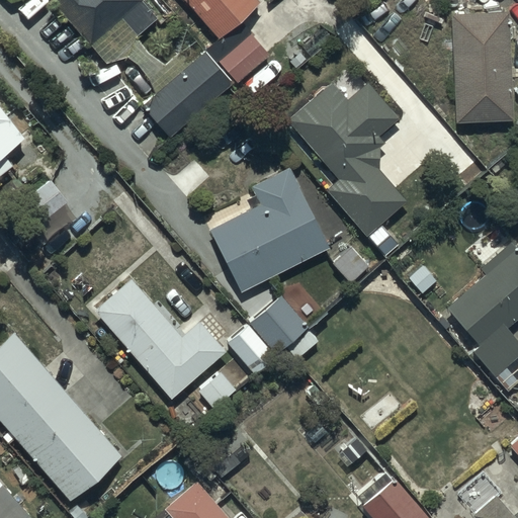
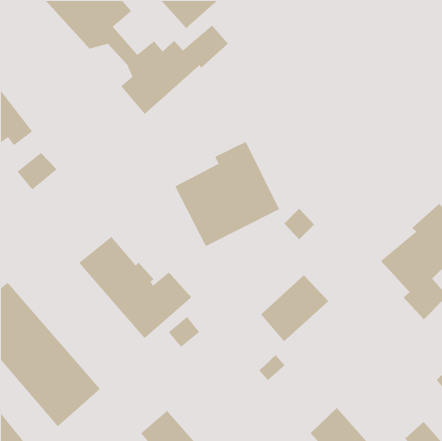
building: [452,12,513,121] -> none
building: [287,82,407,256] -> none
building: [229,296,309,375] -> [260,274,329,342]

